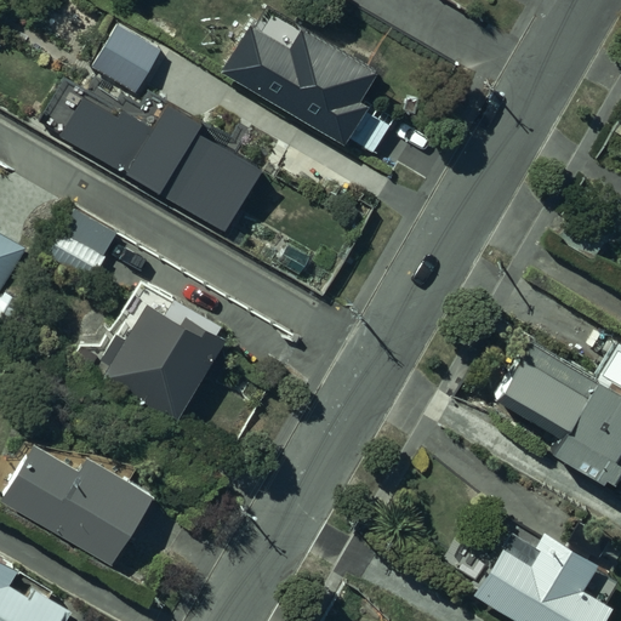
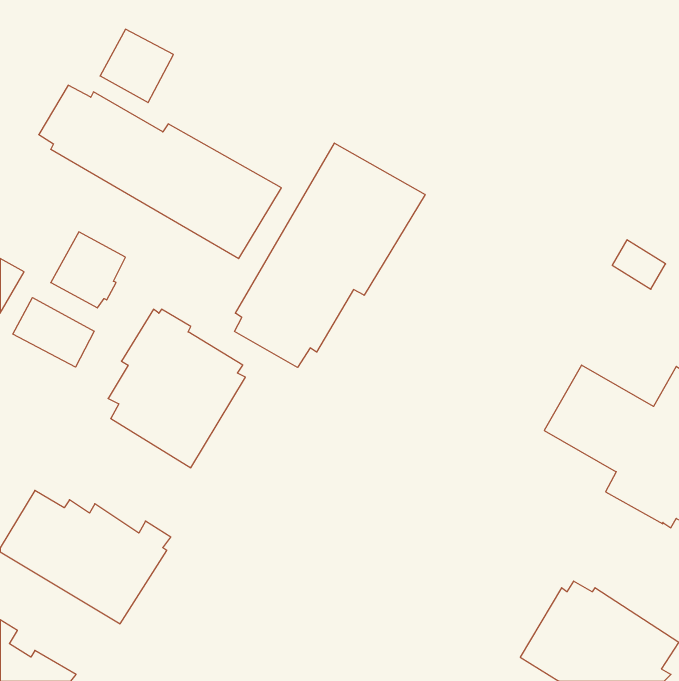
building: [222,16,392,155] -> none
building: none -> [235,143,425,367]
building: none -> [13,298,94,367]

